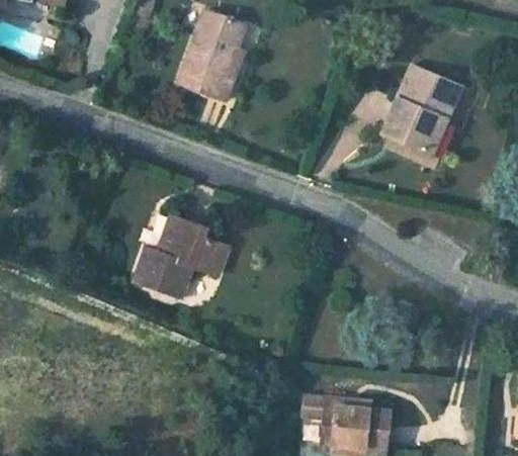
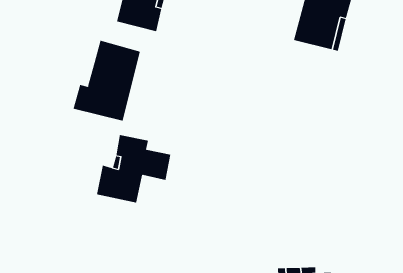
building: none -> [73,40,140,122]

